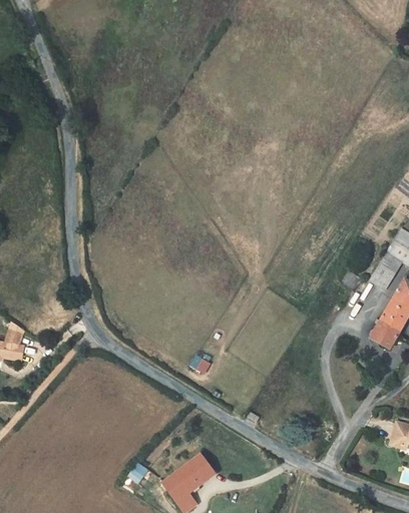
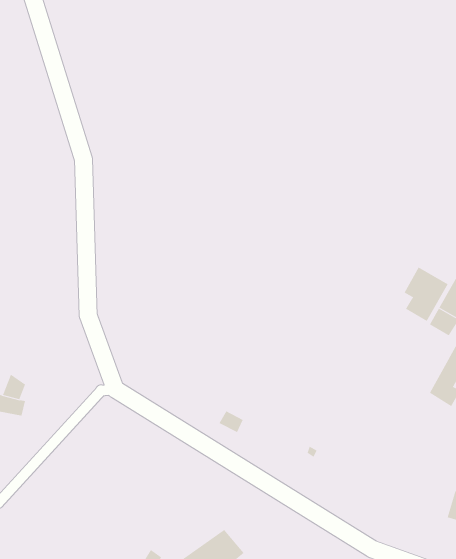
building: none -> [404,266,448,322]

